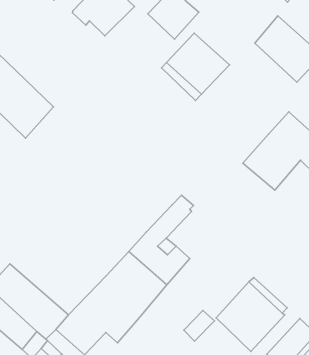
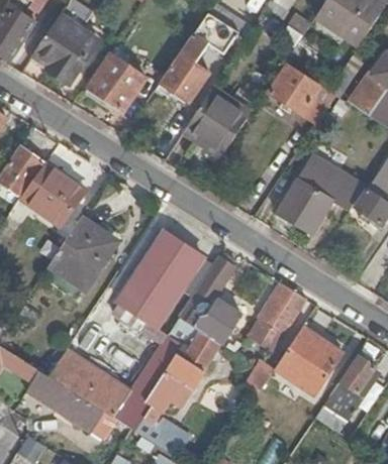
building: none -> [48,219,109,286]
building: none -> [120,233,214,326]
building: none -> [250,283,307,352]

